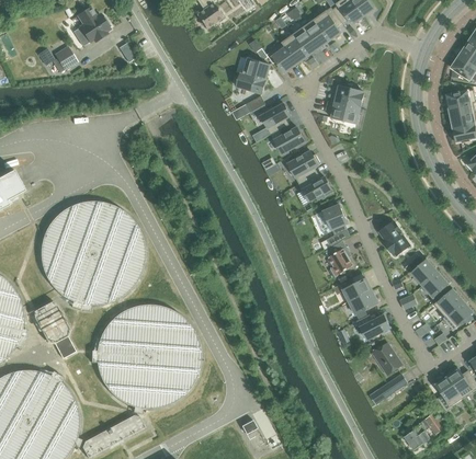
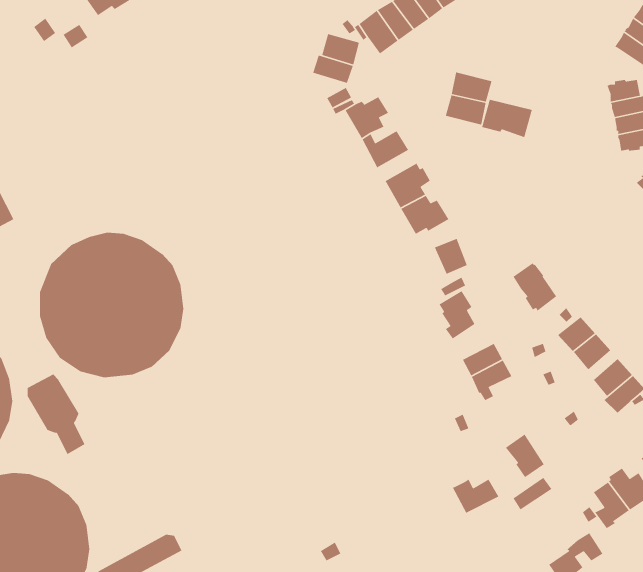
building: none -> [481,99,533,138]
building: [95,302,200,406] -> none
building: [356,314,390,340] -> [452,478,500,514]

